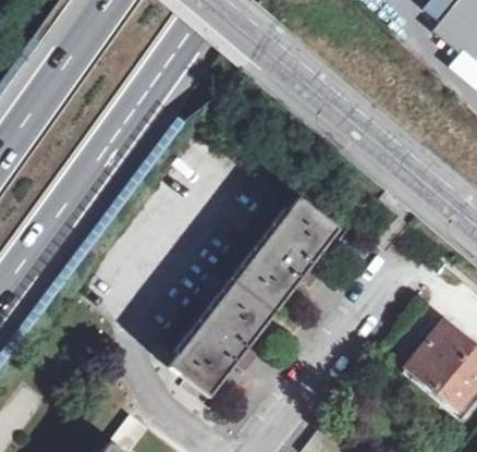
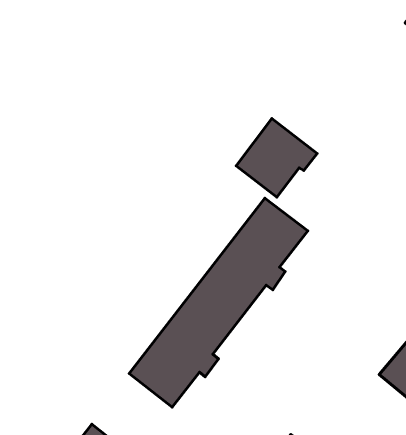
building: none -> [236,118,317,197]

